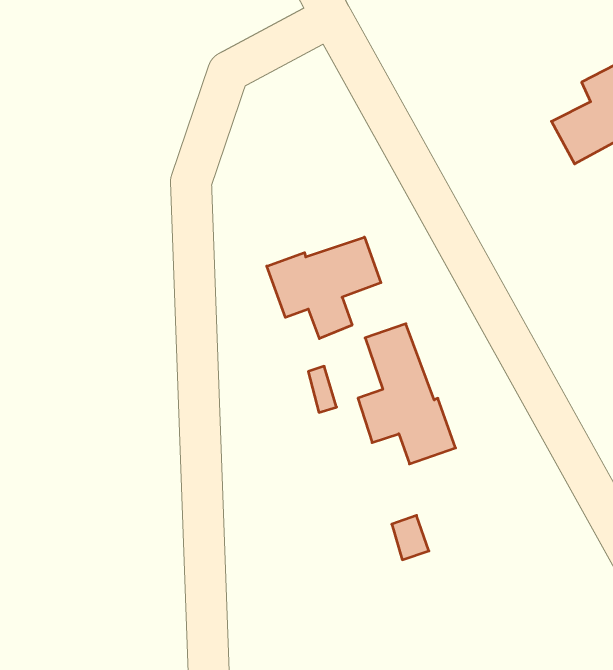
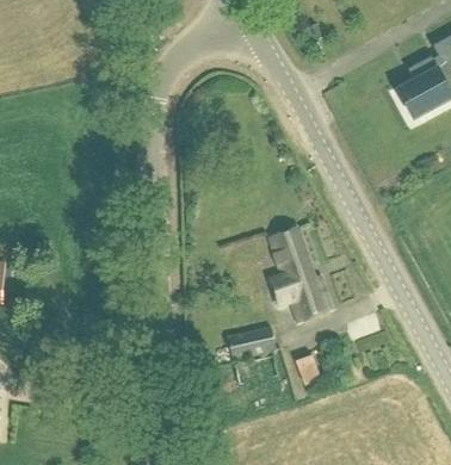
building: [267,237,381,339] -> none
building: none -> [229,324,277,356]

